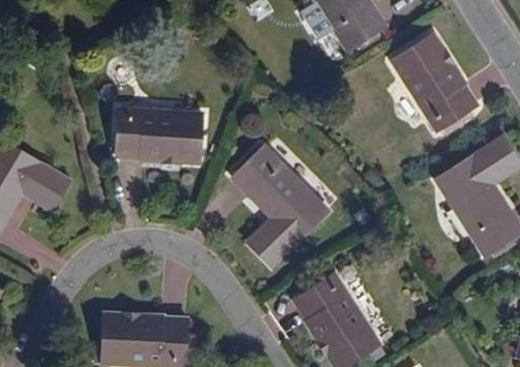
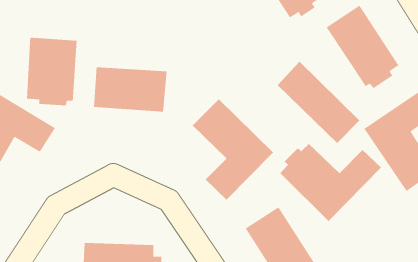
building: none -> [26,37,77,106]
building: none -> [277,61,360,144]
building: none -> [279,143,382,222]

